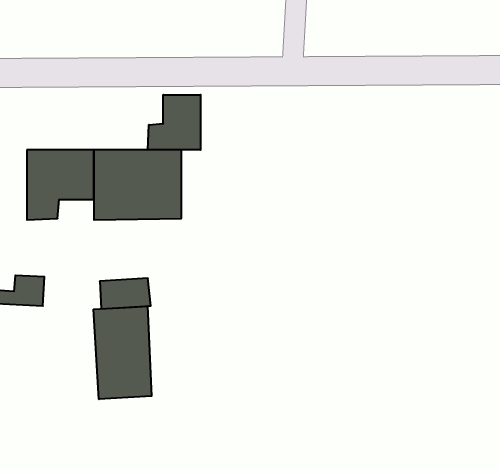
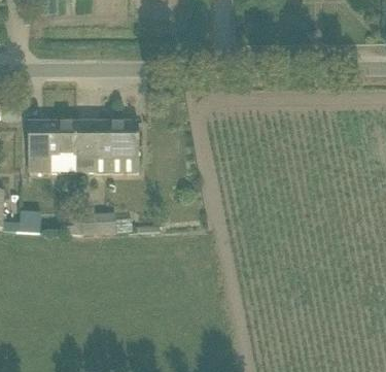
building: [148,95,201,150] -> none
building: [94,306,152,399] -> none

